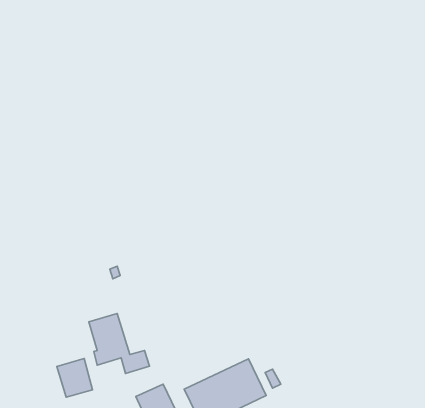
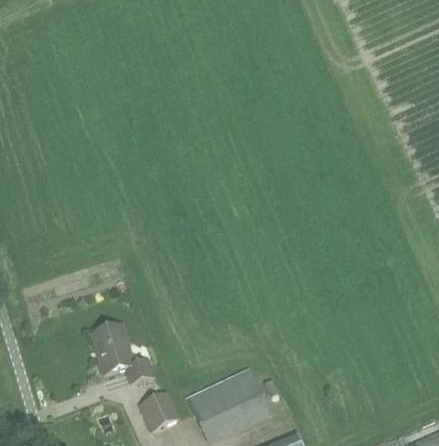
building: [57,358,92,397] -> none

